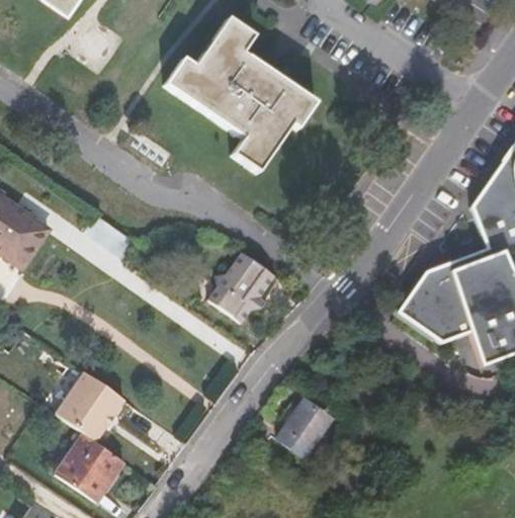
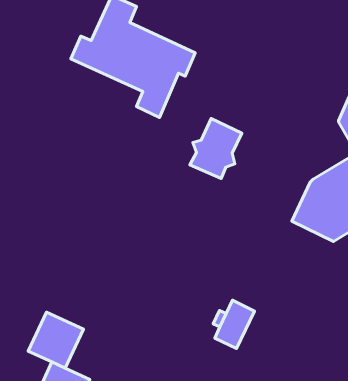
building: [213,252,280,324] -> [190,118,242,179]

